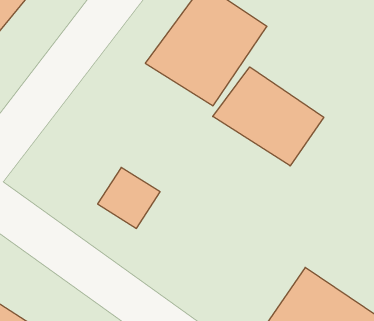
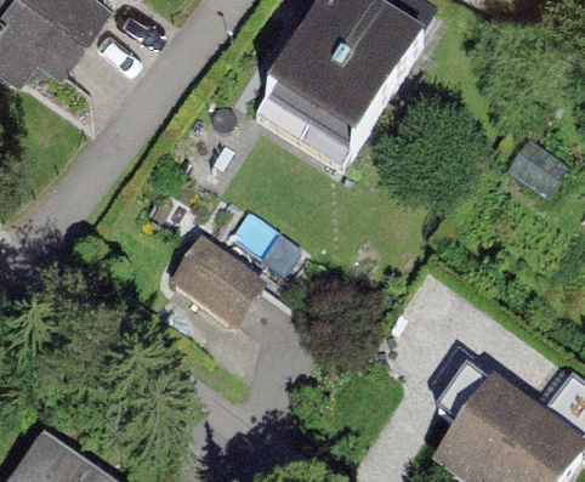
building: [213,67,324,166] -> none

